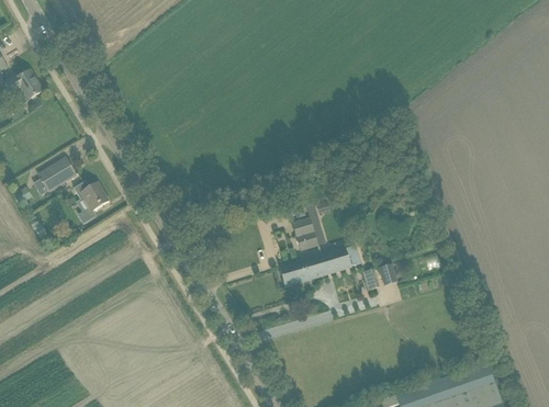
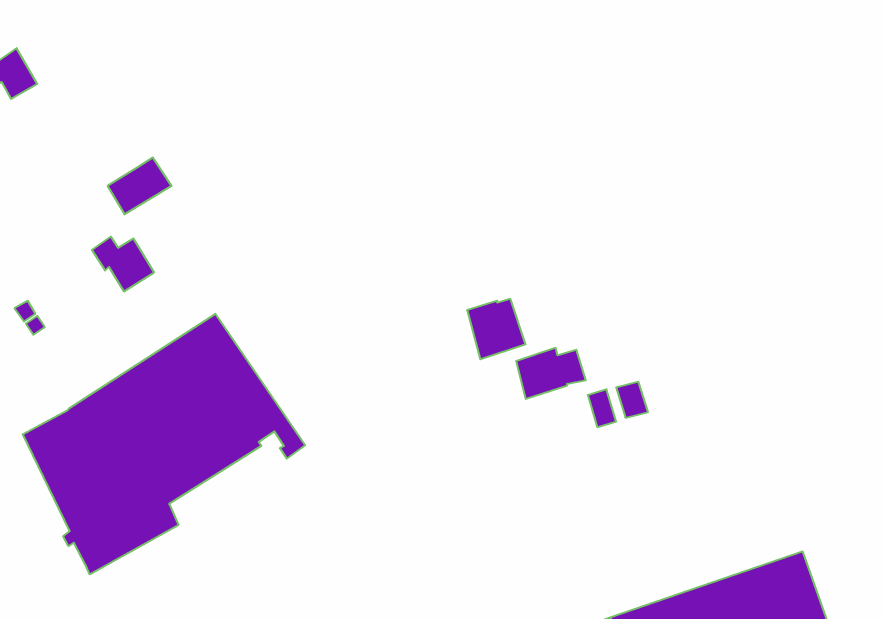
building: [38,157,76,190] -> [108,158,172,214]
building: none -> [23,314,305,574]
building: [279,251,326,286] -> none

